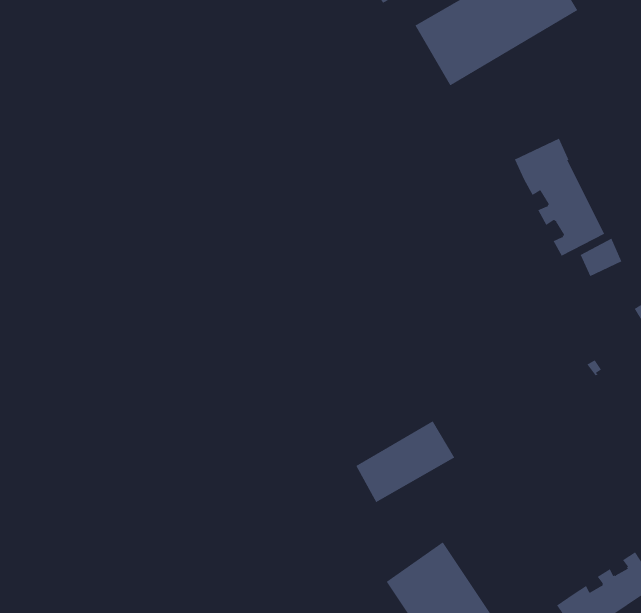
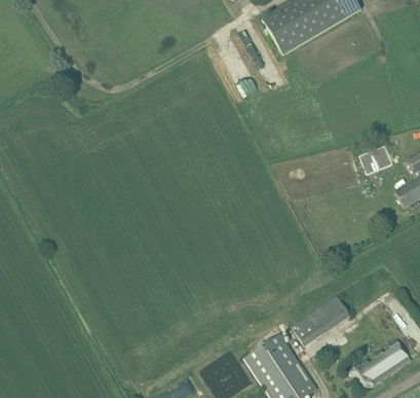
building: [514,138,605,256] -> none
building: [356,420,455,503] -> [292,295,352,346]

